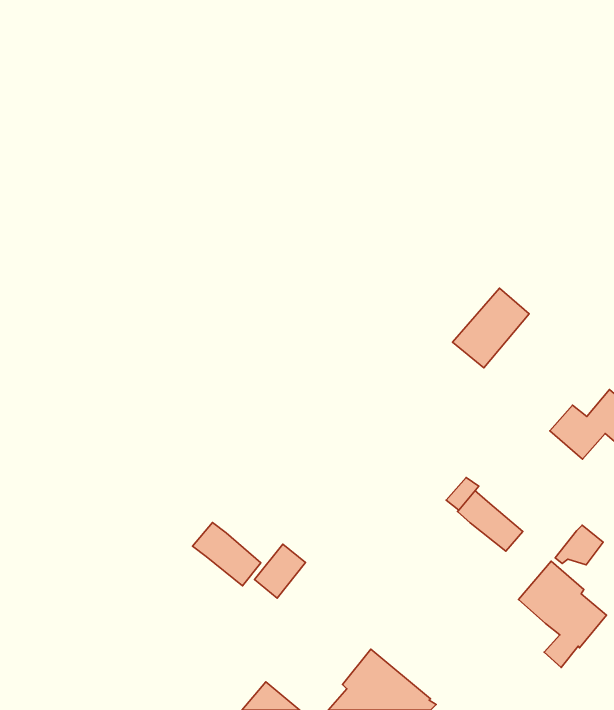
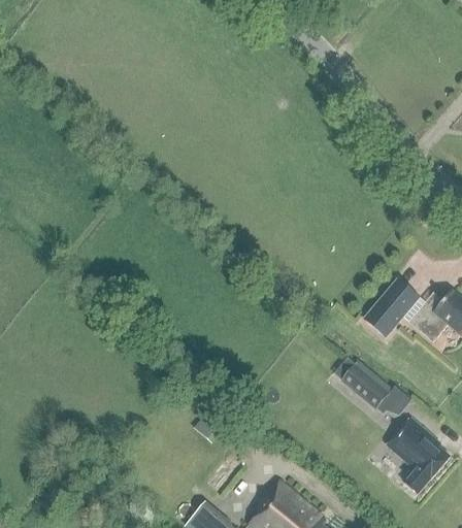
building: [453,288,529,368] -> [363,279,419,337]
building: [192,522,261,586] -> none
building: [555,525,603,565] -> [377,385,412,414]

